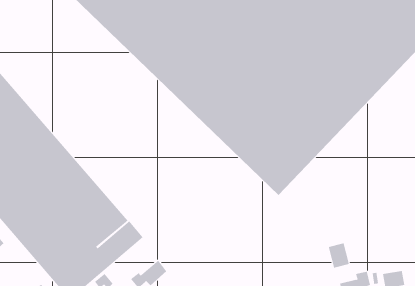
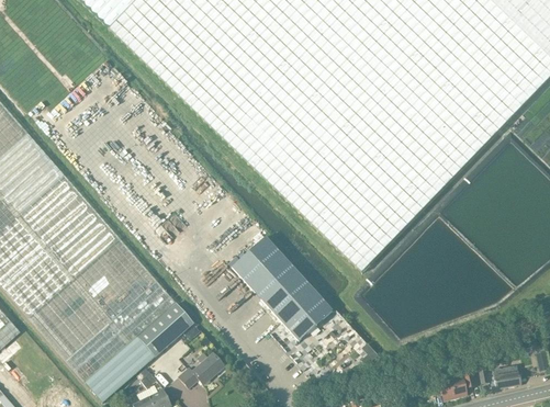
building: none -> [232,237,329,338]
building: [328,243,349,268] -> none

